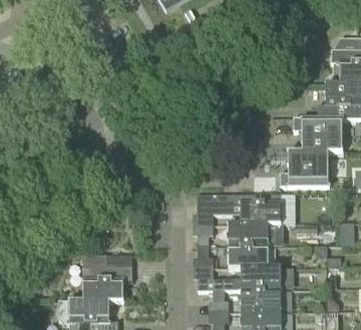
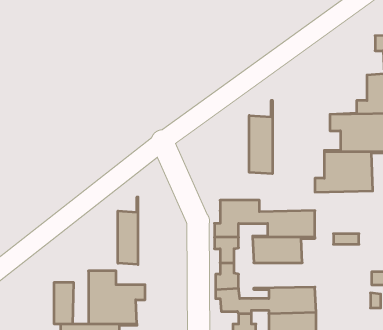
building: none -> [249,100,272,174]
building: none -> [118,197,138,265]
building: [227,247,280,269] -> none
building: none -> [54,282,73,324]

